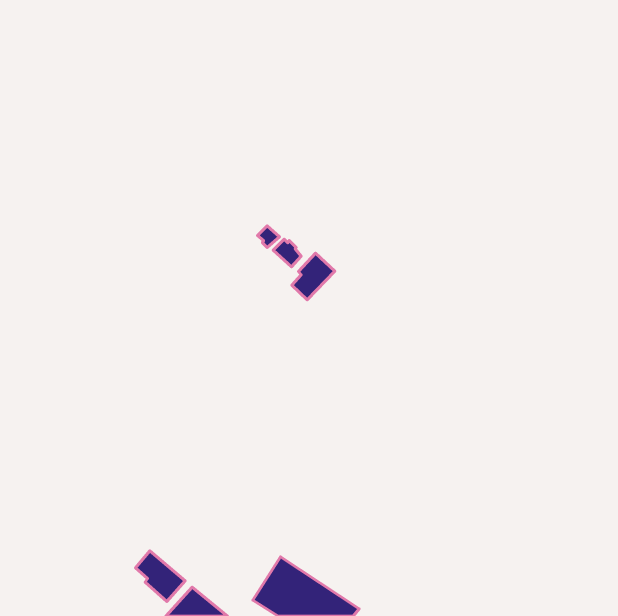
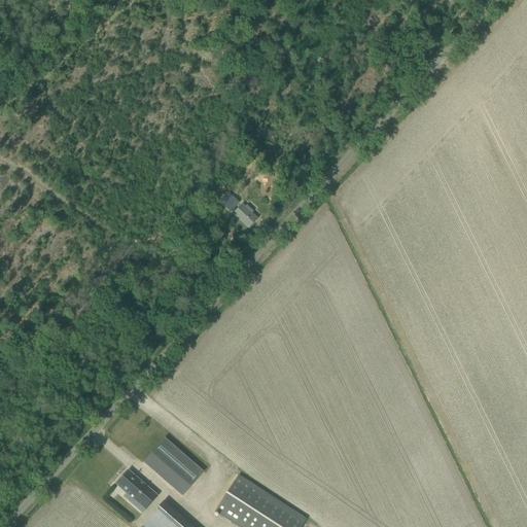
building: [292,253,335,300] -> none
building: none -> [148,441,208,498]

